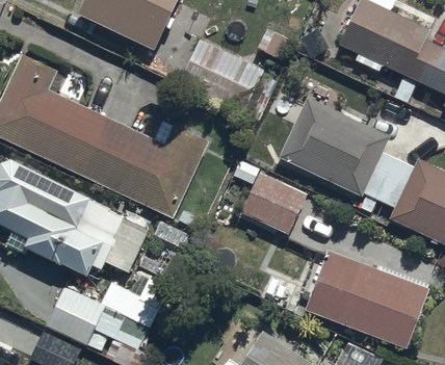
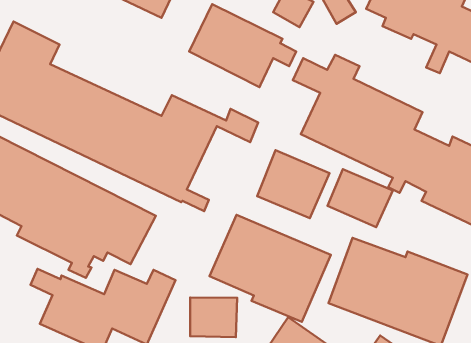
building: none -> [328,169,393,227]
building: none -> [210,215,331,322]
building: none -> [190,297,237,337]

